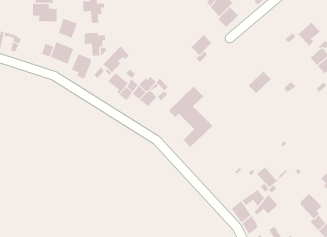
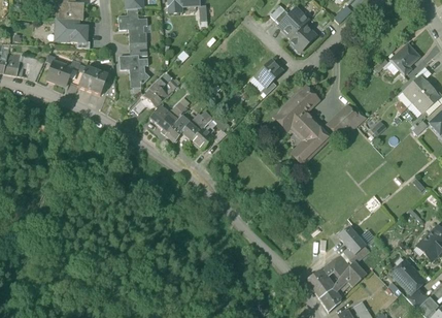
building: [58,18,78,39] -> [47,62,72,88]
building: [71,54,92,79] -> none
building: [168,86,213,148] -> [273,85,330,163]

